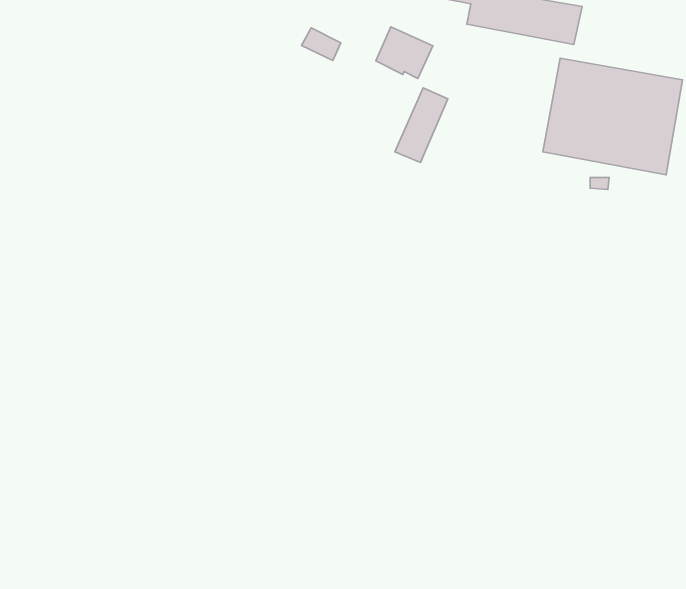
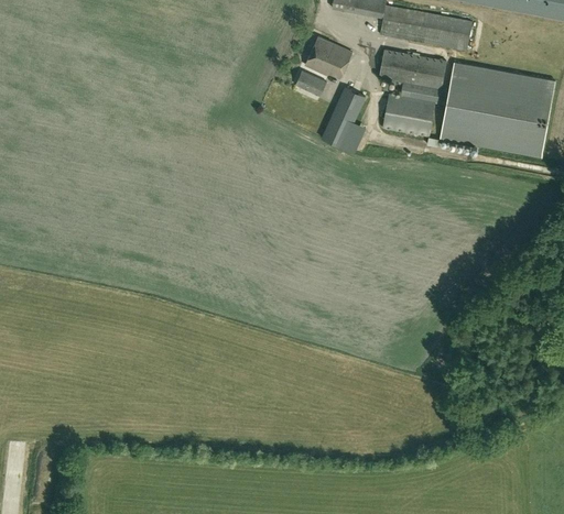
building: [302,28,341,60] -> [295,70,327,97]
building: none -> [379,50,447,89]
building: none -> [383,94,435,135]

